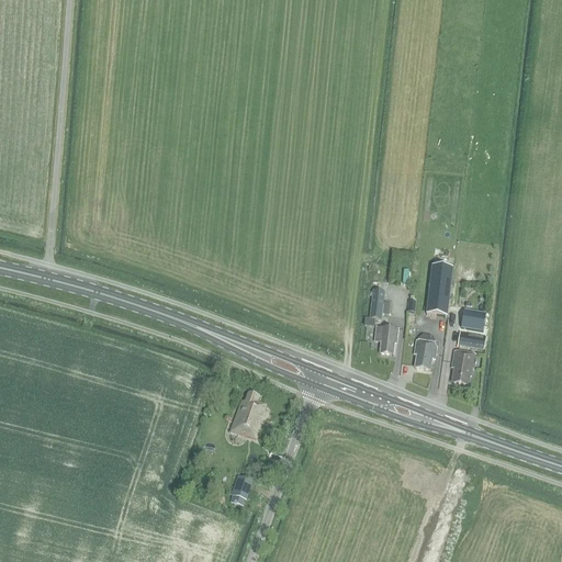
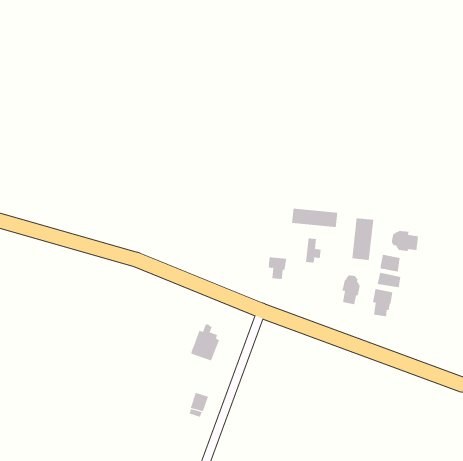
building: none -> [291,208,338,228]
building: none -> [391,230,419,252]
building: [374,326,397,353] -> [268,257,287,279]

